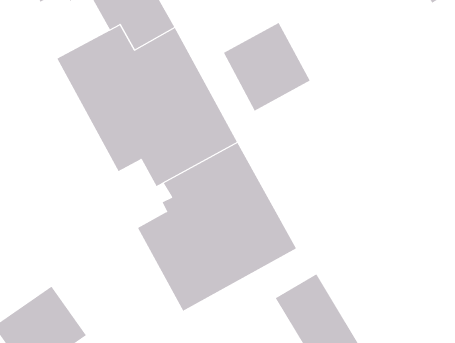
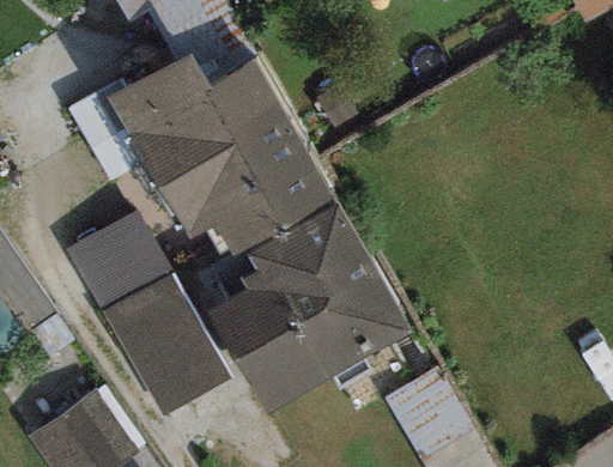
building: [223,22,310,111] -> none
building: none -> [68,210,231,414]

